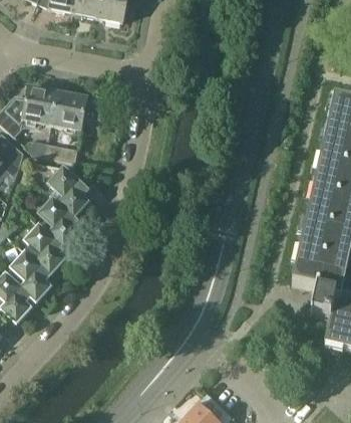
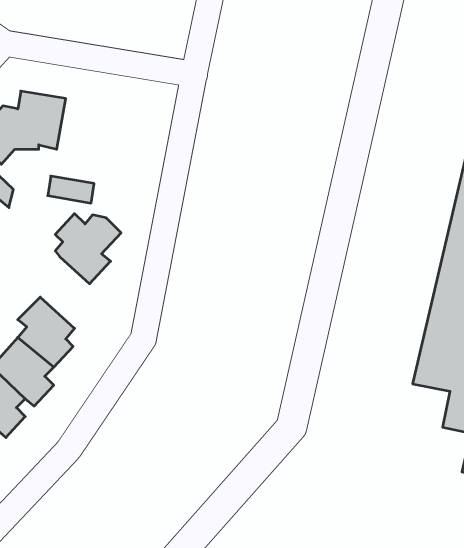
building: [52,92,104,132] -> none
building: [40,199,78,247] -> none

